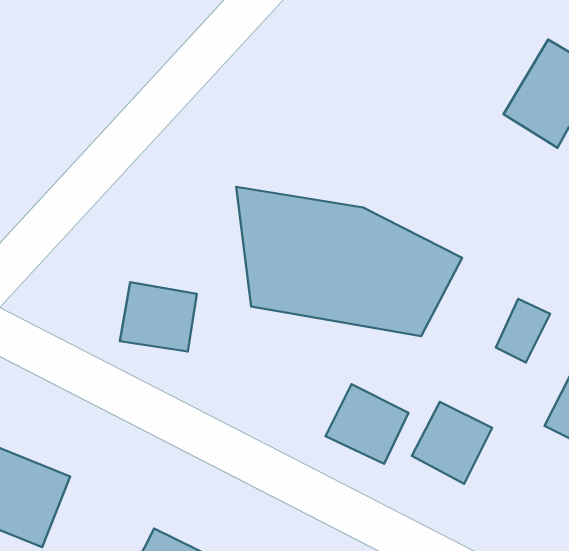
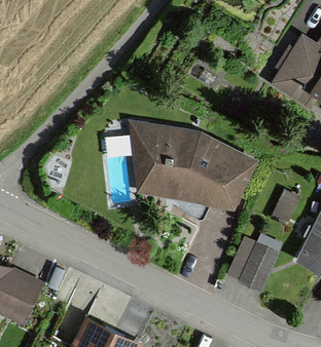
building: [120,282,197,351] -> none
building: [325,384,408,464] -> none

